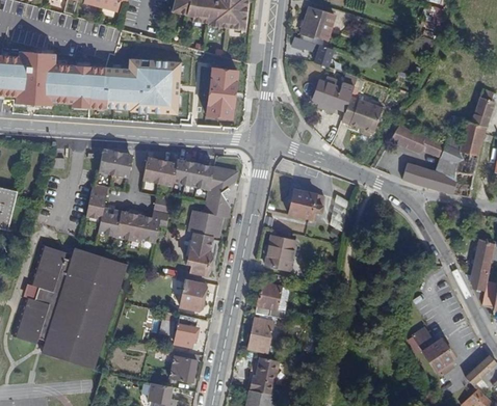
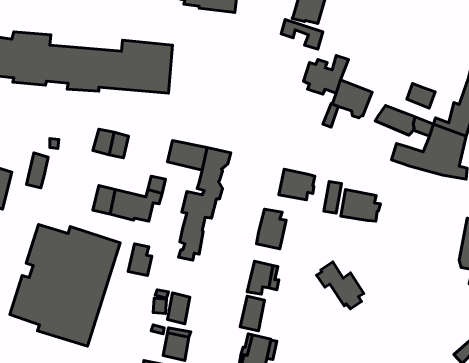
building: [206,67,236,118] -> none
building: none -> [407,84,435,108]
building: [145,157,178,187] -> none
building: [86,183,108,218] -> [27,153,48,188]
building: none -> [341,190,380,221]
building: [179,278,203,310] -> [128,244,152,276]
building: [407,327,454,375] -> [317,262,364,309]

